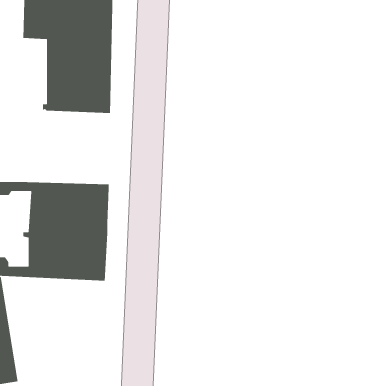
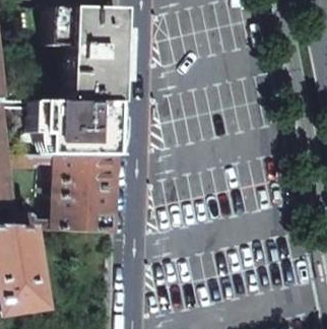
building: none -> [34,100,115,155]

